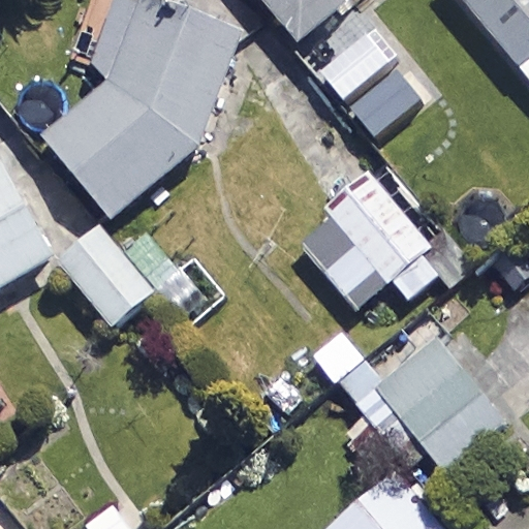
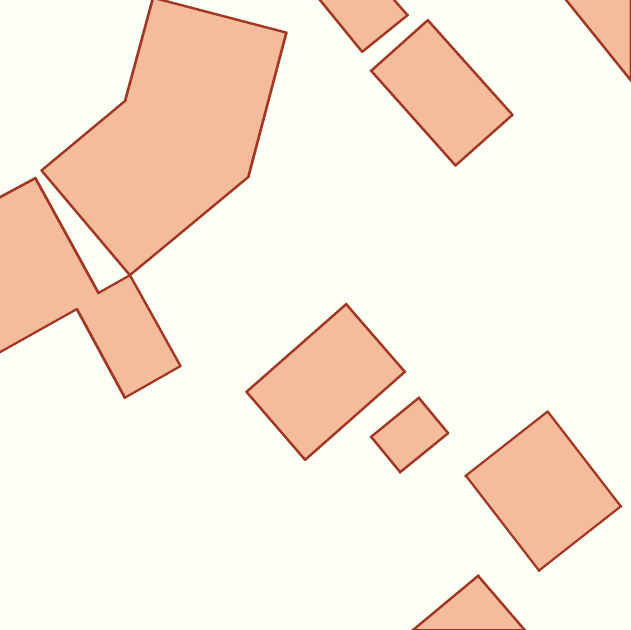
building: [297,177,443,298] -> none
building: none -> [247,304,405,460]

